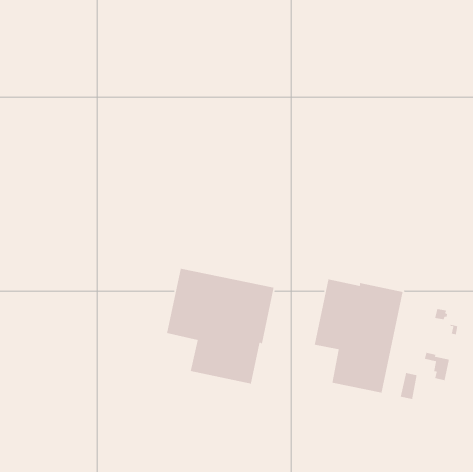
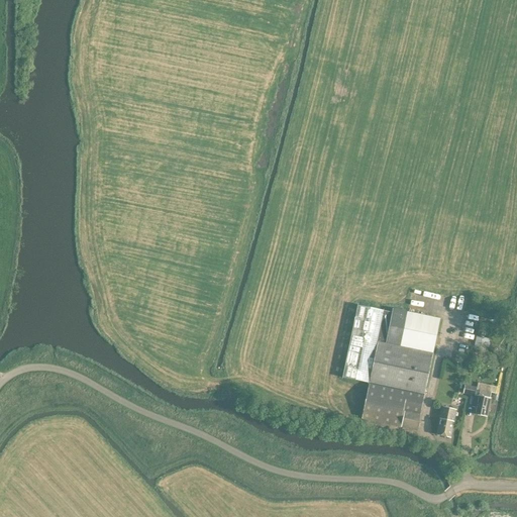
building: [166,268,274,384] -> none

